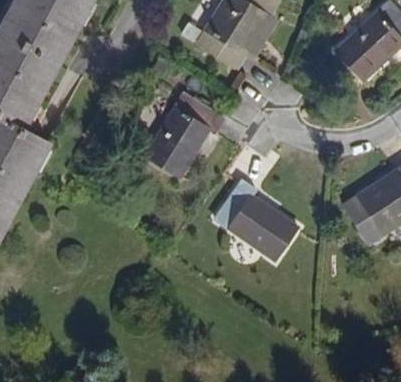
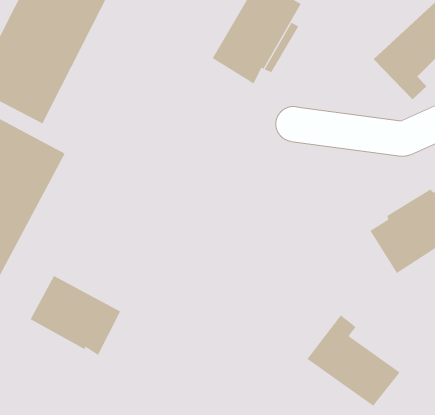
building: [136,92,220,177] -> none
building: [207,181,290,262] -> [307,315,401,407]
building: none -> [30,275,121,356]

